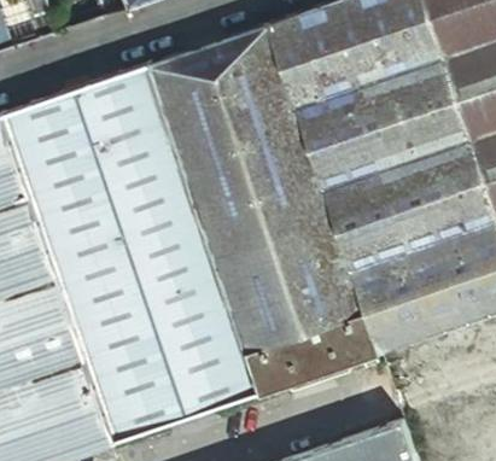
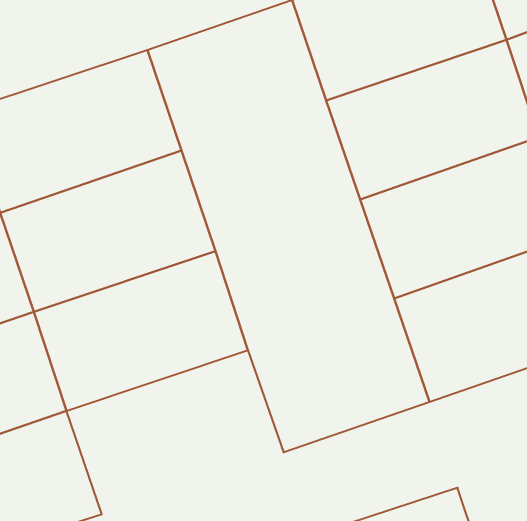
building: [88,308,265,442] -> none

